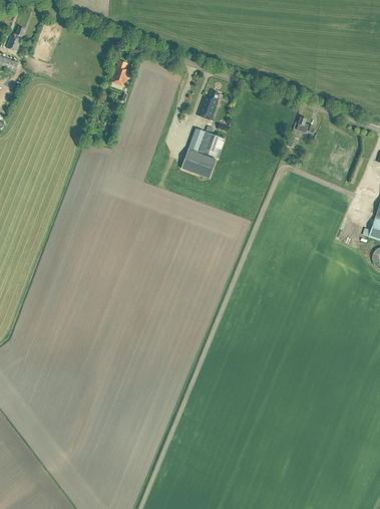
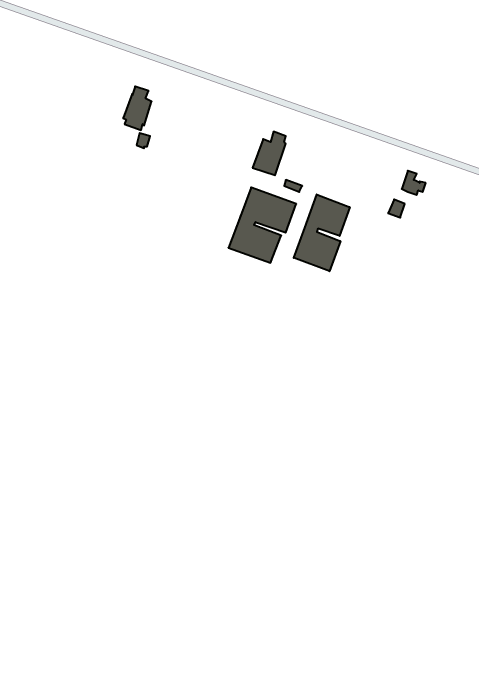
building: none -> [294,194,350,271]

